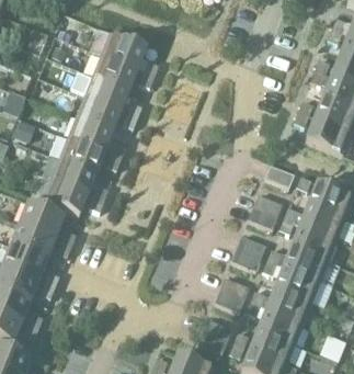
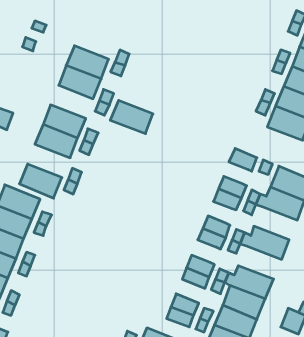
building: [101,32,146,68] -> none
building: [76,95,121,131] -> [110,100,153,134]
building: [52,158,96,193] -> none
building: [290,224,336,259] -> none
building: [274,265,320,301] -> none

